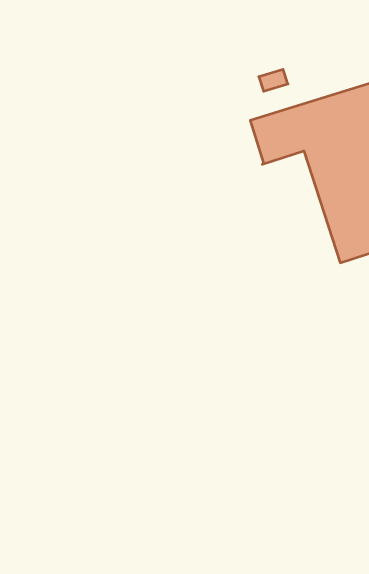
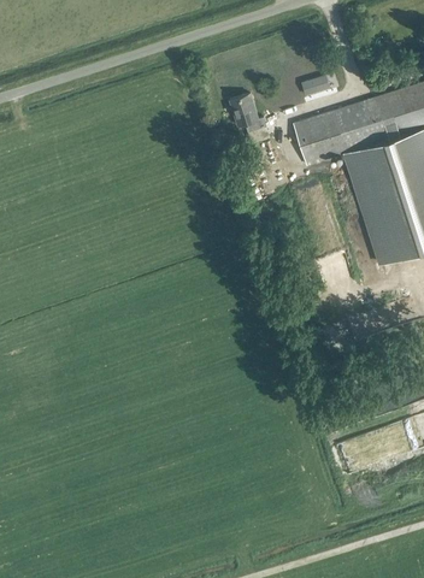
building: none -> [228,94,267,143]

